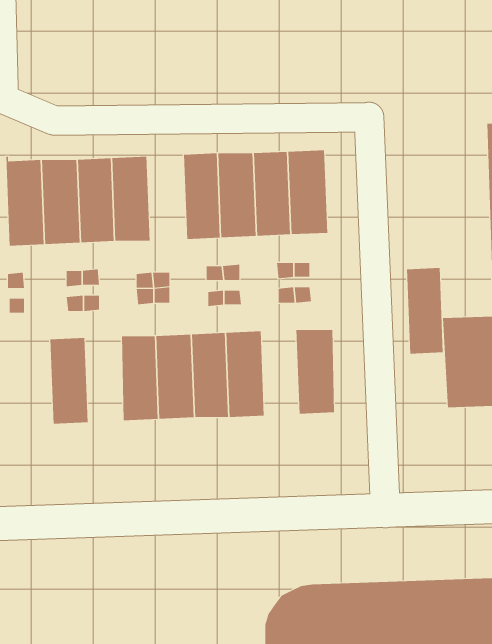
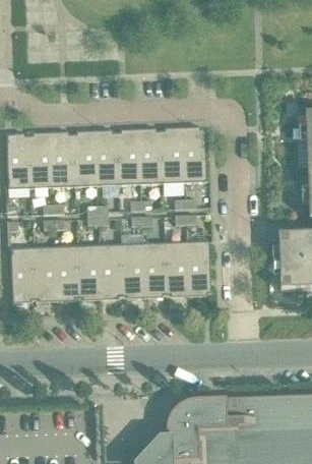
building: none -> [93,132,118,186]
building: [406,268,444,354] -> [165,241,188,295]
building: none -> [55,245,78,299]
building: none -> [9,247,35,304]

